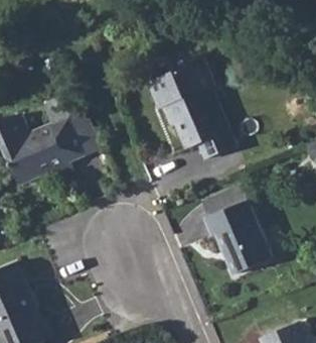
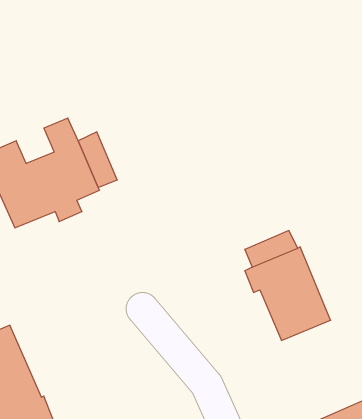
building: [150,66,235,160] -> none

